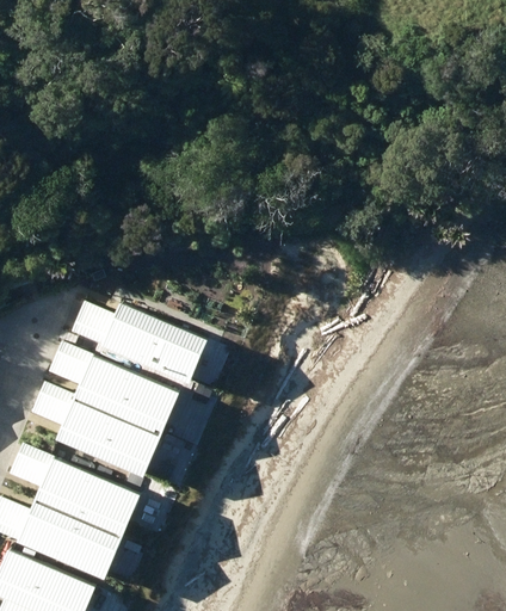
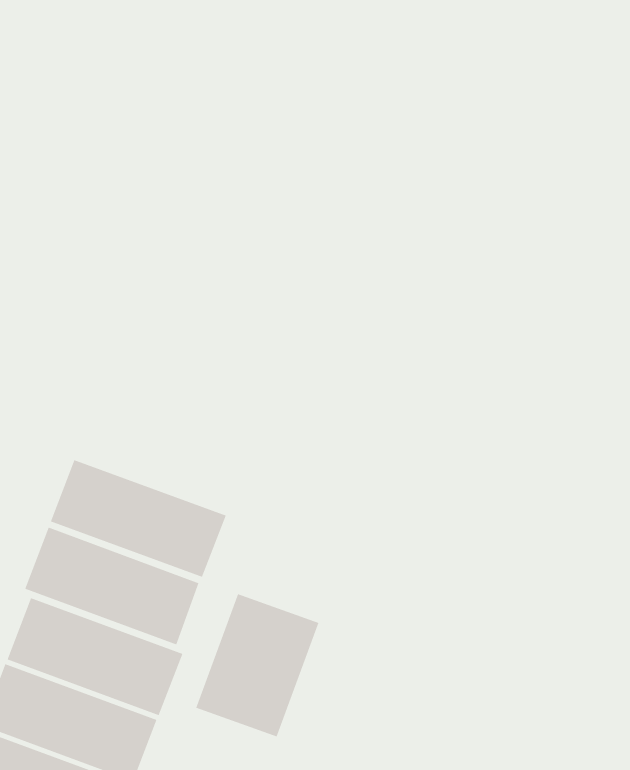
building: [68,296,198,385] -> none
building: none -> [195,593,320,738]

